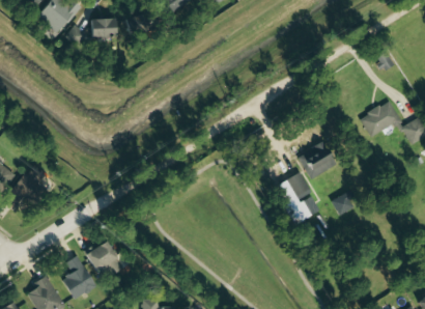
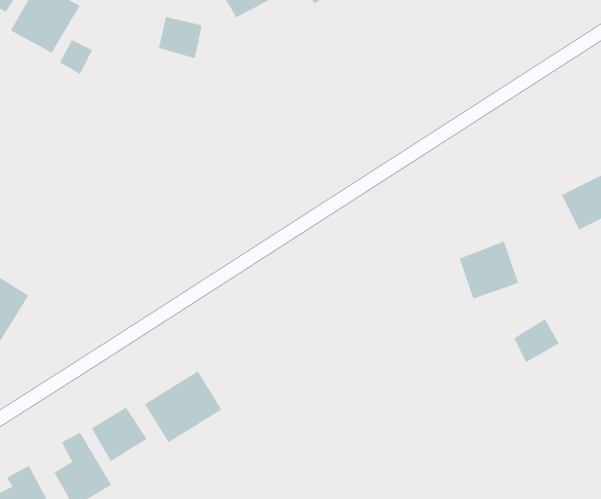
building: [89,18,115,36] -> none
building: [274,172,321,224] -> none
building: none -> [144,370,222,443]

